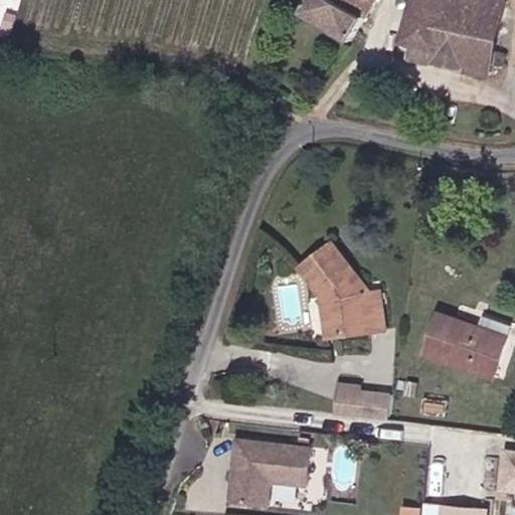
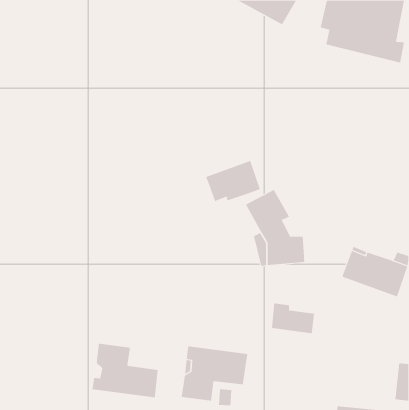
building: none -> [206,160,260,202]
building: none -> [92,343,158,398]

